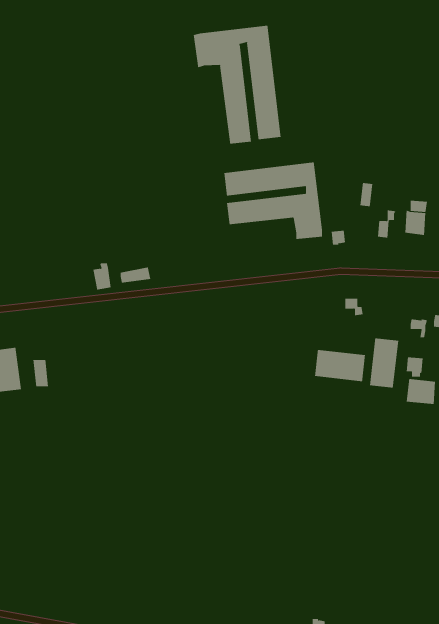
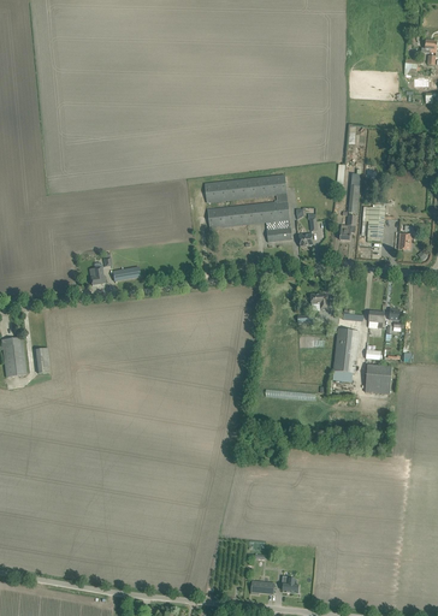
building: [193,25,281,145] -> none
building: [314,349,365,382] -> none

